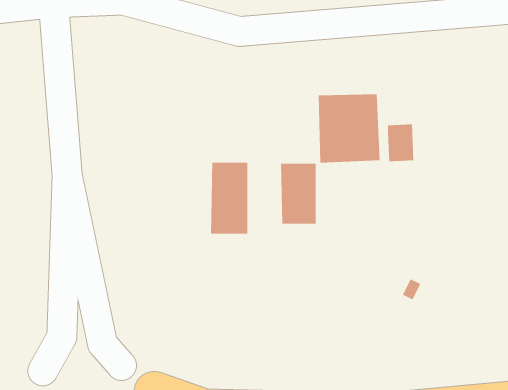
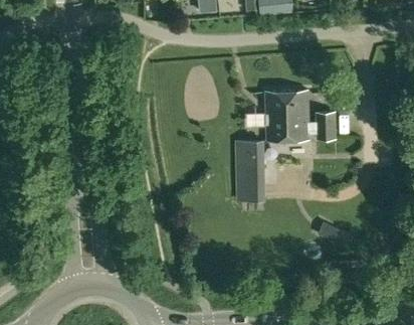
building: [210,162,248,235] -> none

